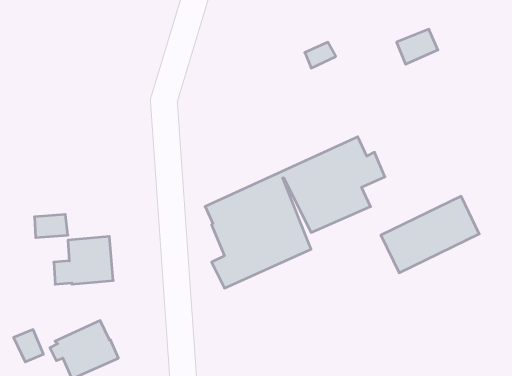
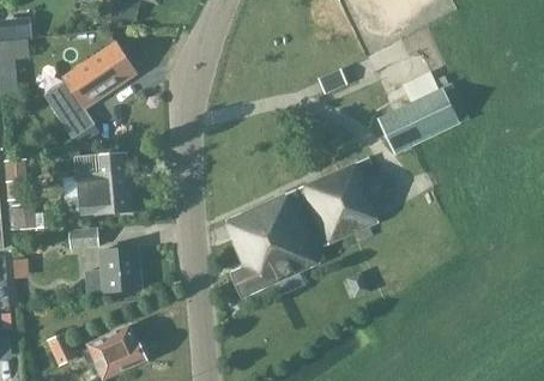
building: none -> [43,42,135,139]
building: none -> [69,152,134,214]
building: [381,196,479,273] -> [376,81,467,152]

